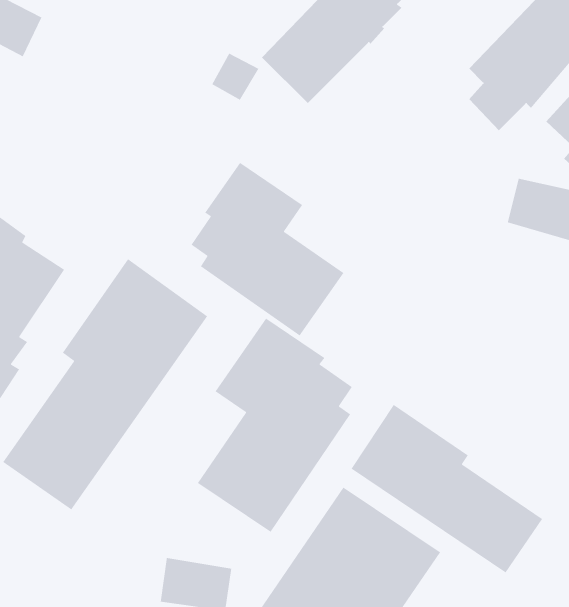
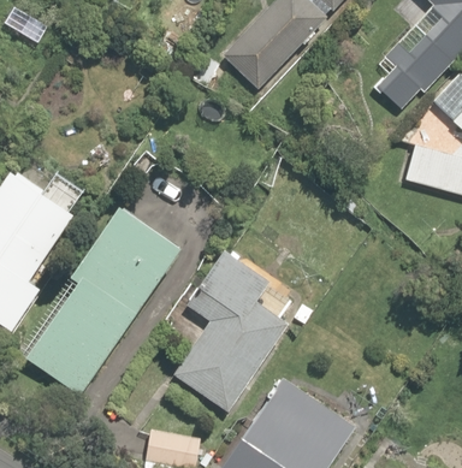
building: [191,162,345,336] -> none
building: [351,404,543,574] -> none

